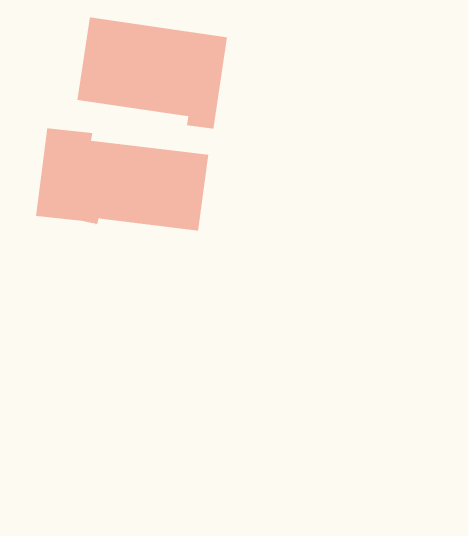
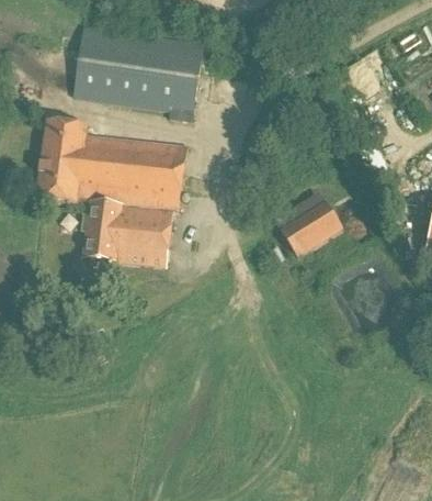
building: none -> [82,199,179,265]
building: none -> [280,201,343,257]

